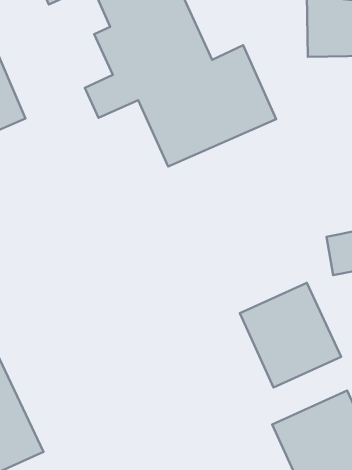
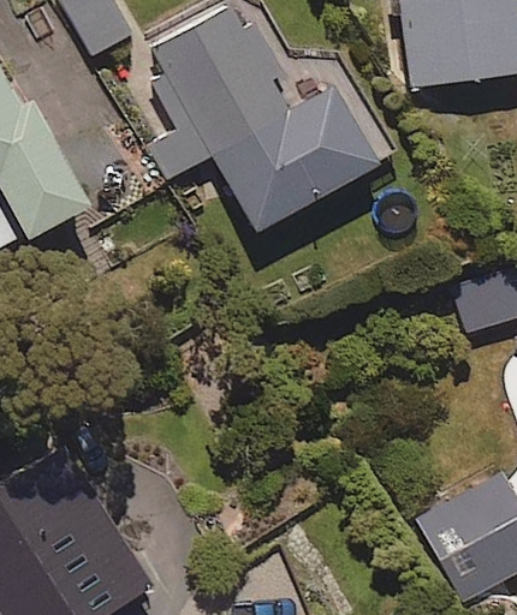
building: [240,283,341,388] -> none

